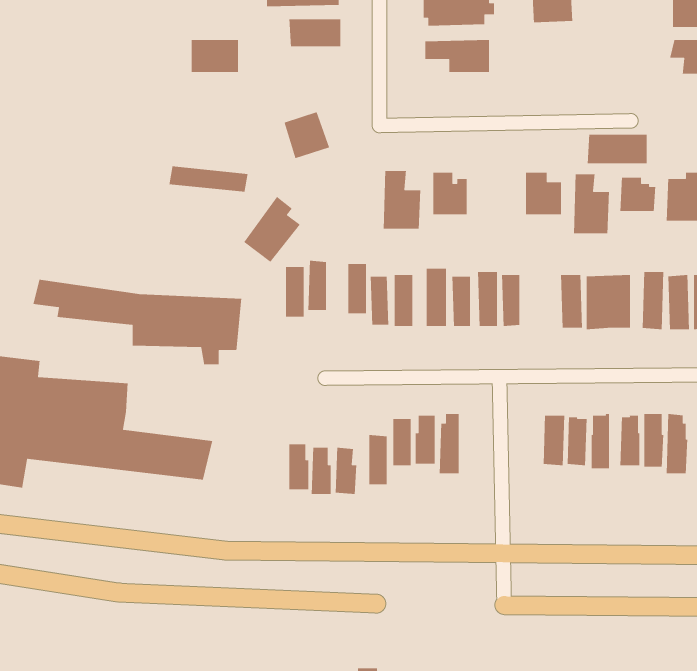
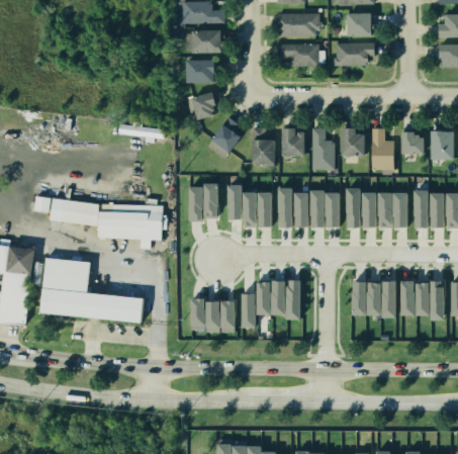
building: [191,39,239,73] -> [186,61,216,82]
building: [587,134,648,164] -> [336,43,374,63]
building: none -> [312,128,335,170]
building: [243,196,301,263] -> [207,116,244,159]
building: none -> [348,189,362,229]

